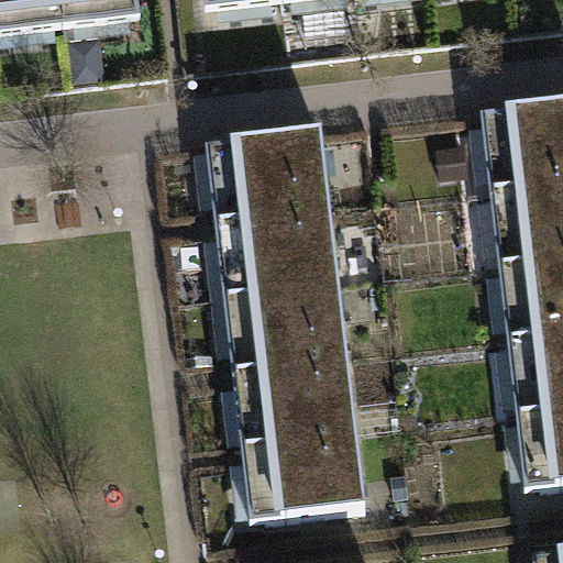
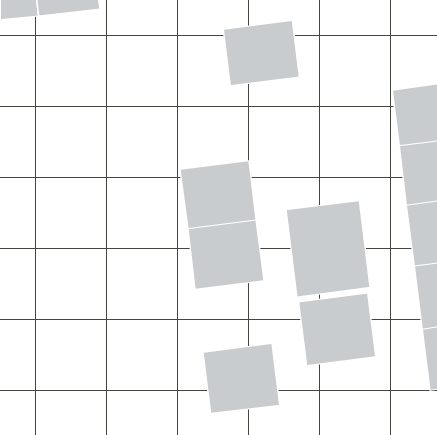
building: [231,131,327,212] -> [223,21,300,86]
building: none -> [286,201,370,297]
building: [258,351,355,441] -> [299,293,376,365]

